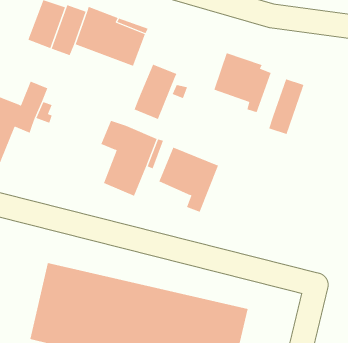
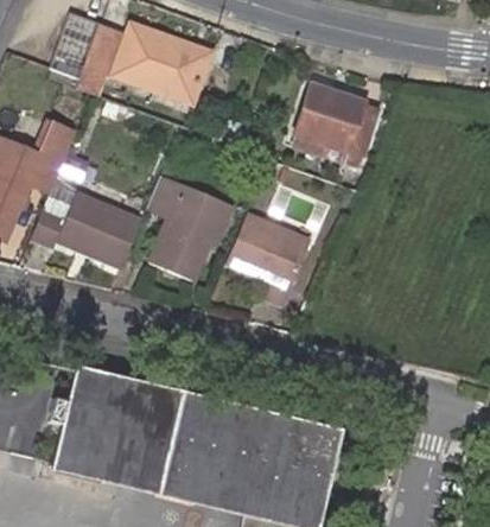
building: [134,64,177,120] -> none
building: [269,78,304,135] -> none
building: none -> [36,183,142,268]

